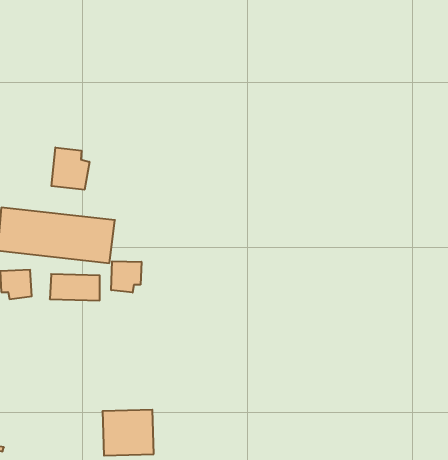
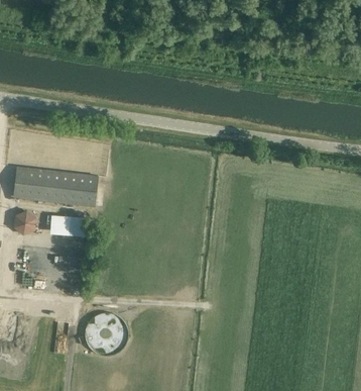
building: [51,147,89,190] -> none
building: [111,261,141,293] -> none

